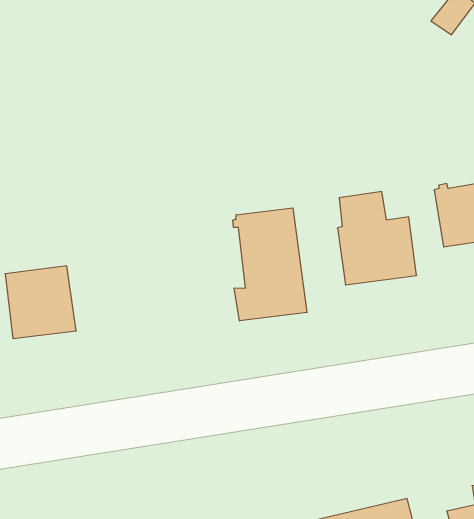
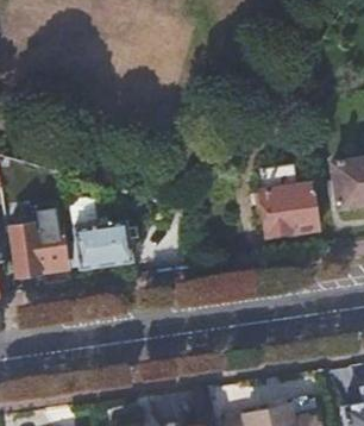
building: [233,208,307,321] -> none
building: none -> [75,223,132,270]

